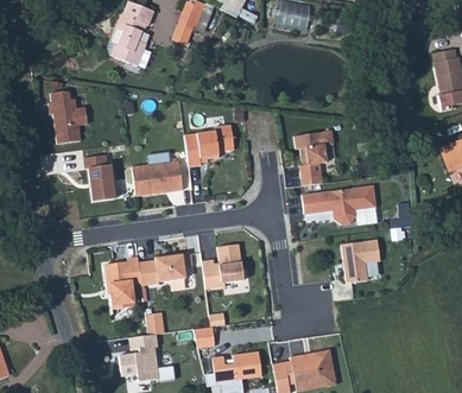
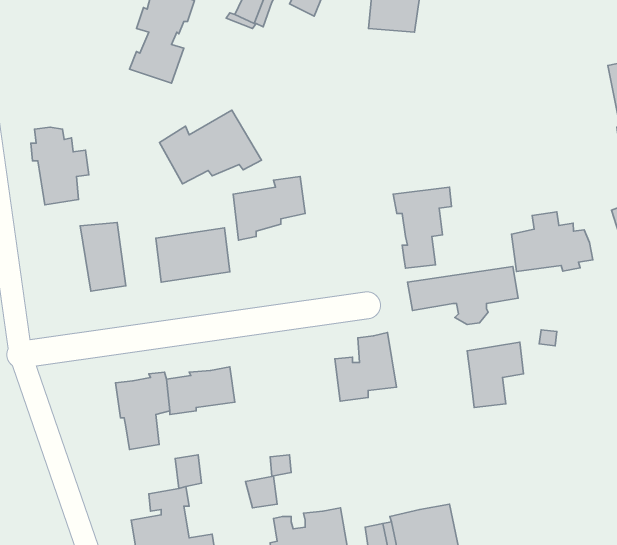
building: none -> [159,110,262,184]
building: none -> [511,212,593,271]
building: [201,243,242,290] -> [335,332,396,401]

